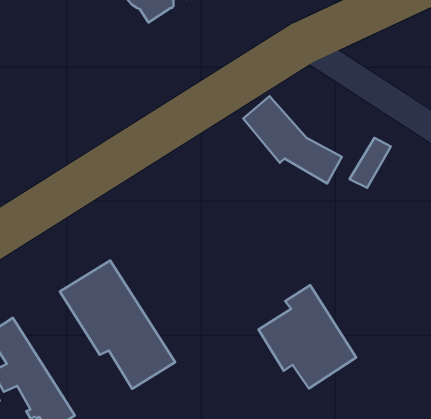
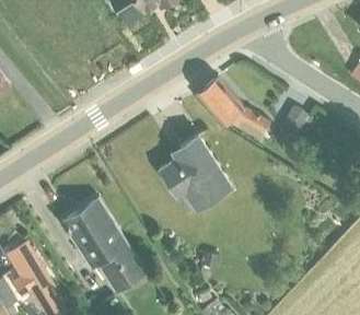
building: [259,285,356,388] -> [159,133,231,210]

